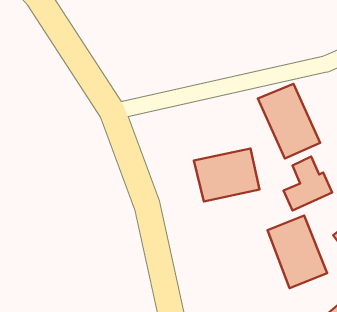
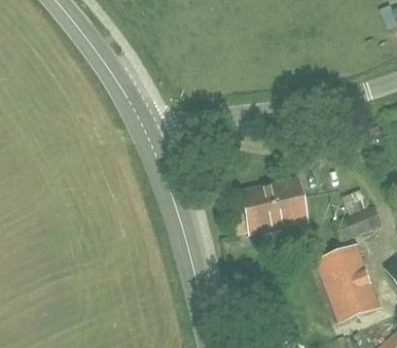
building: [258,84,320,158] -> none

